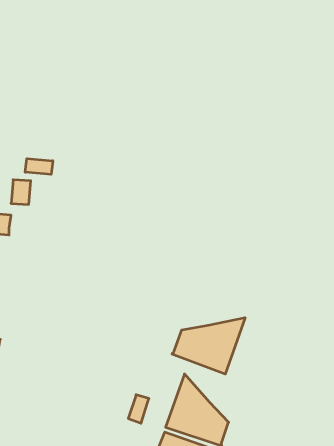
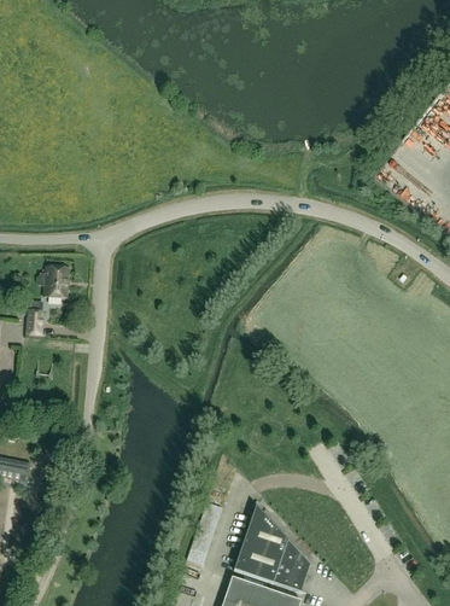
building: [25,159,53,174] -> none
building: [172,318,245,374] -> none

